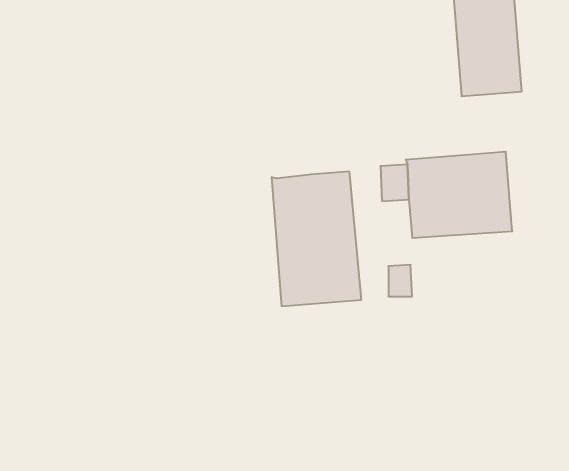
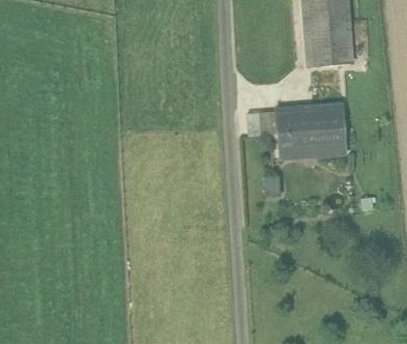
building: [272,171,361,306] -> none

